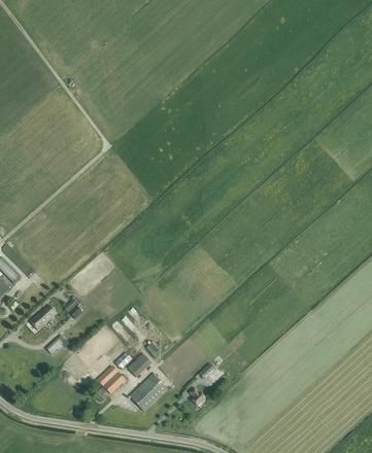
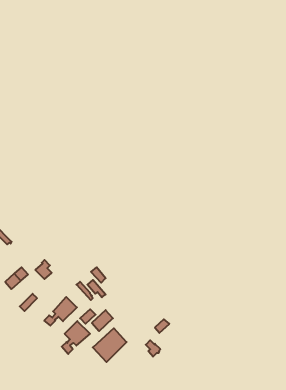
building: none -> [44,297,77,326]

